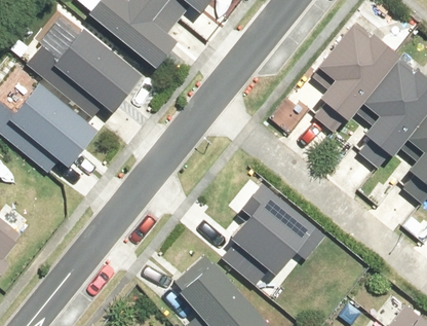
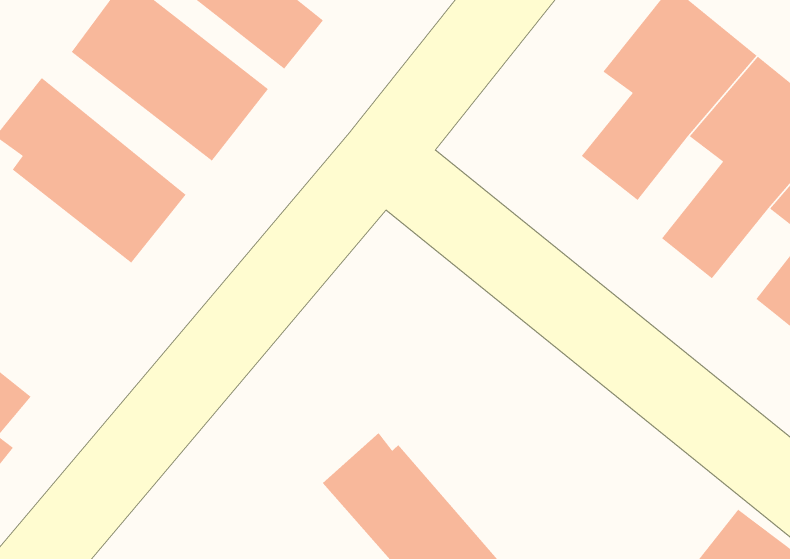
building: [231,184,321,276] -> none

